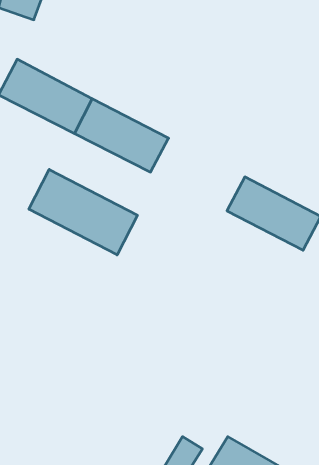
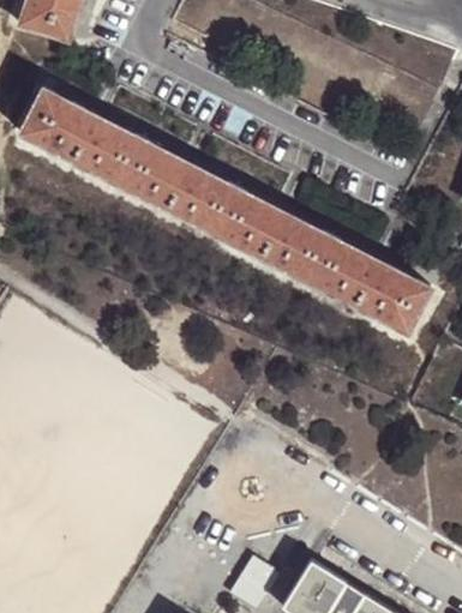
building: none -> [211,187,331,280]
building: [29,169,137,255] -> none

